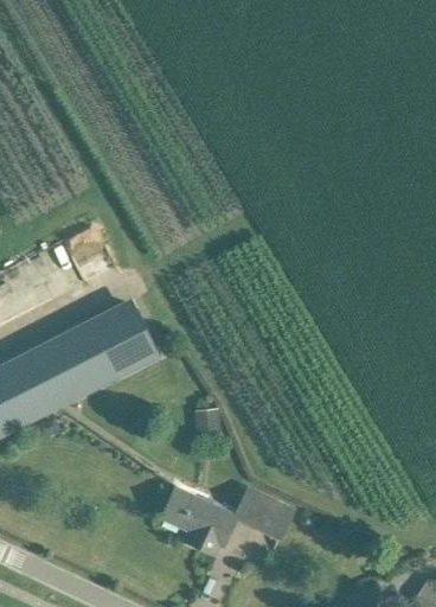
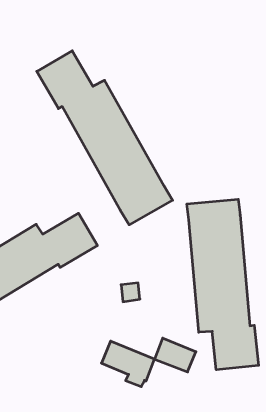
building: none -> [37,51,173,225]
building: none -> [187,199,259,370]

